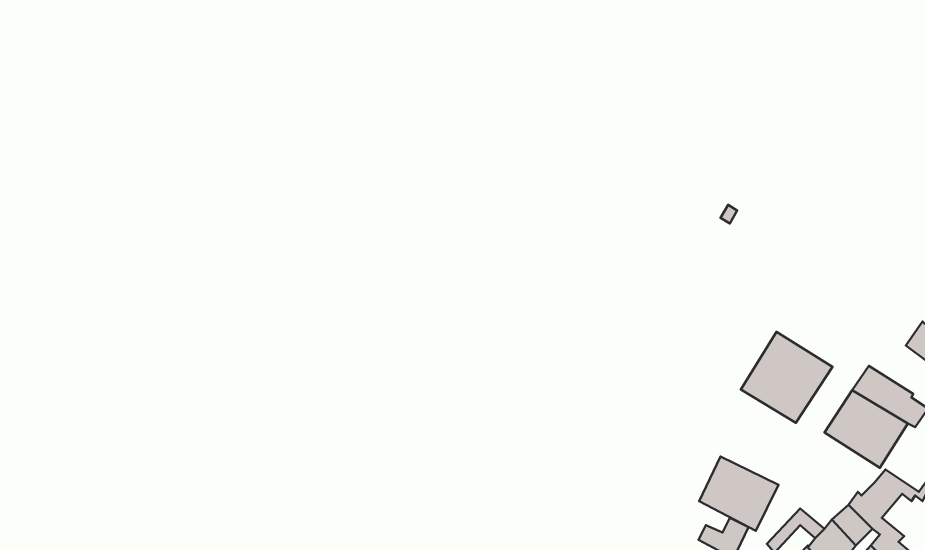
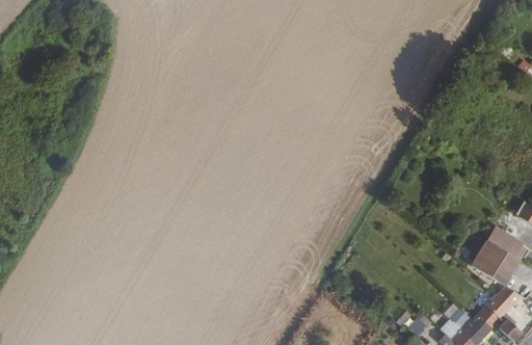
building: [741,332,833,423] -> none
building: [699,456,779,531] -> none

